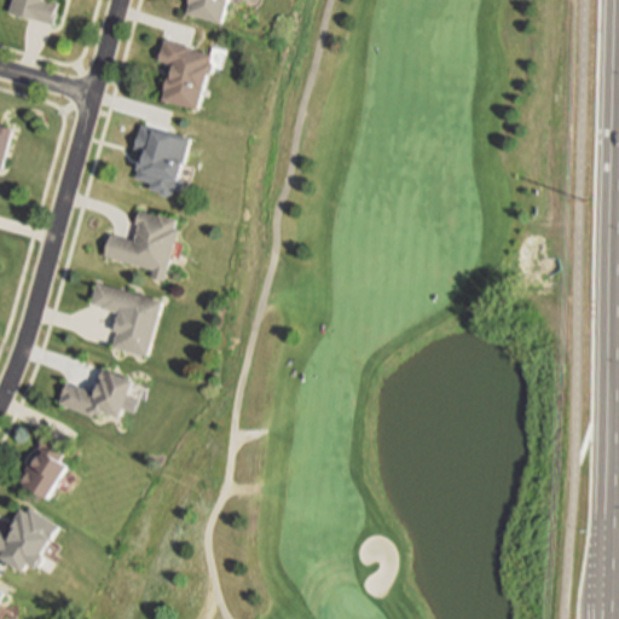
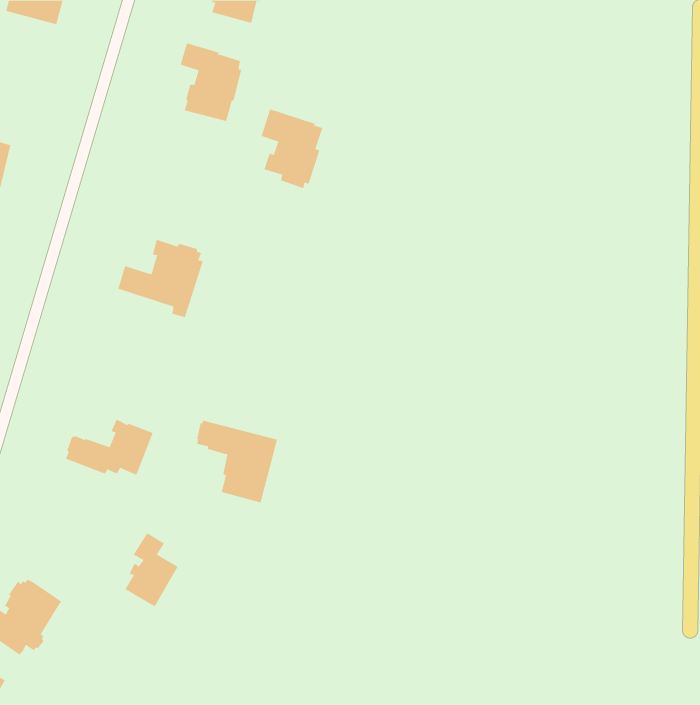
building: [132,123,186,193] -> [261,109,323,189]
building: [89,283,161,355] -> [196,420,278,503]
building: [19,433,66,498] -> [125,532,179,607]

